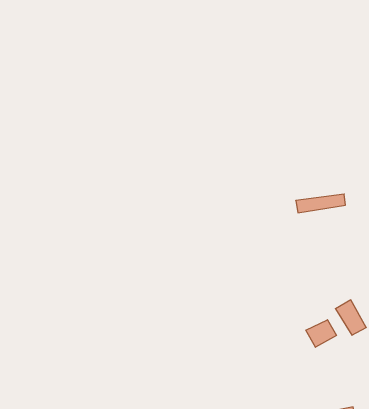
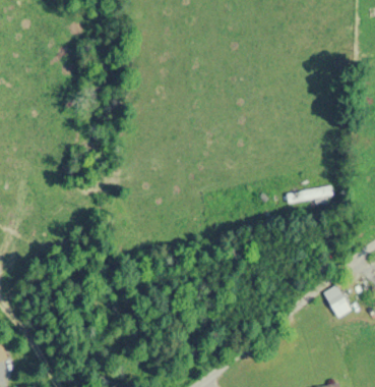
building: [306,320,336,347] -> none

